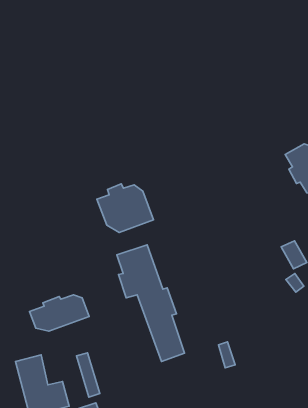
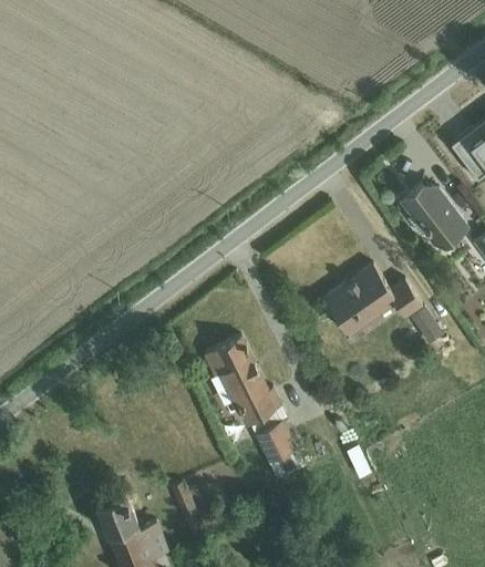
building: [97,184,154,232] -> none
building: none -> [324,266,423,338]
building: [30,295,89,331] -> none

